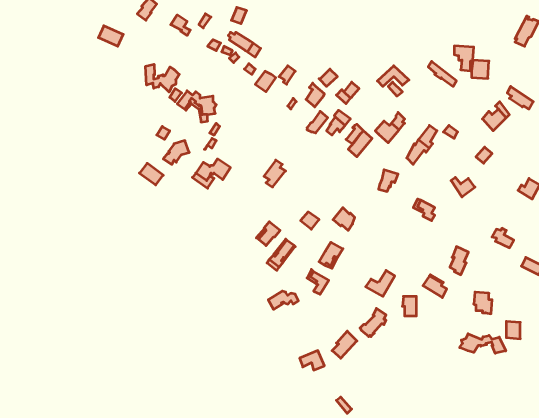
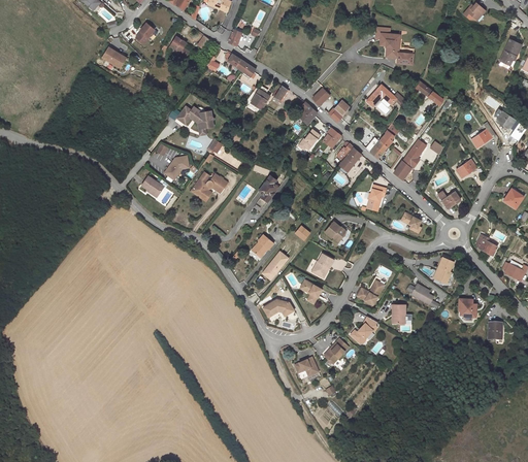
building: [454,46,489,78] -> [382,33,415,64]
building: [146,64,179,92] -> none
building: [460,334,506,353] -> none

